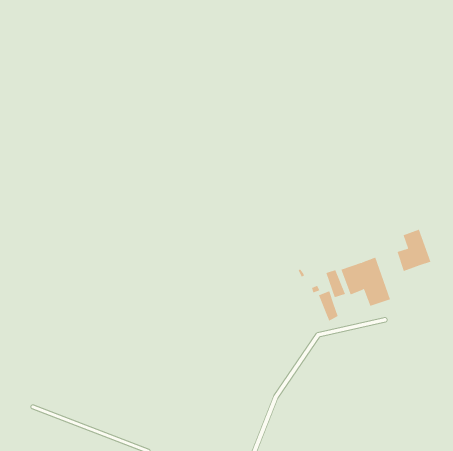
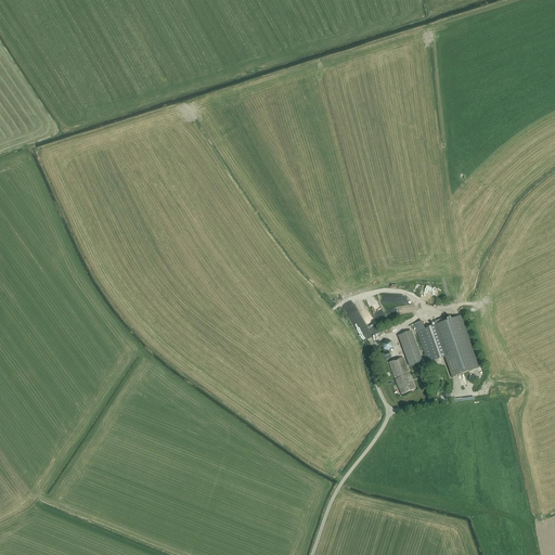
building: [397,229,431,272] -> none

